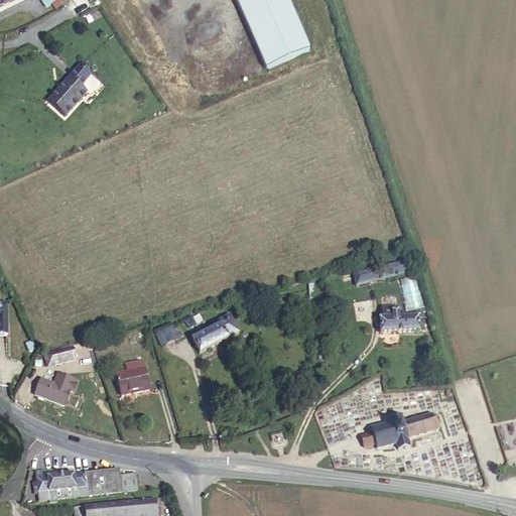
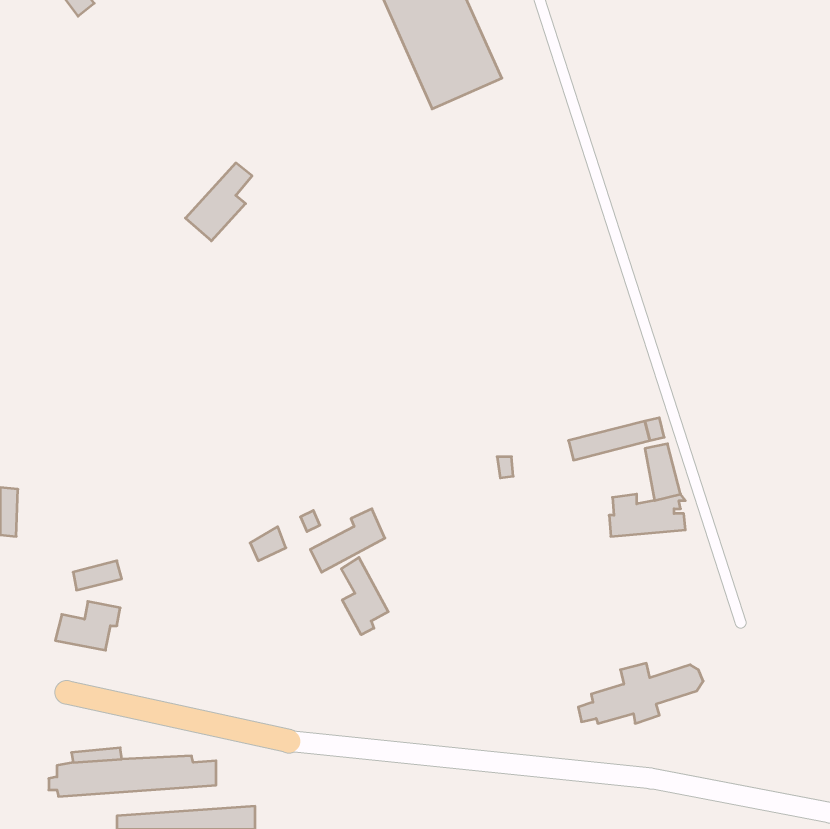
building: [48,64,90,113] -> [185,163,252,241]
building: none -> [341,557,388,635]
building: [115,357,150,396] -> none

